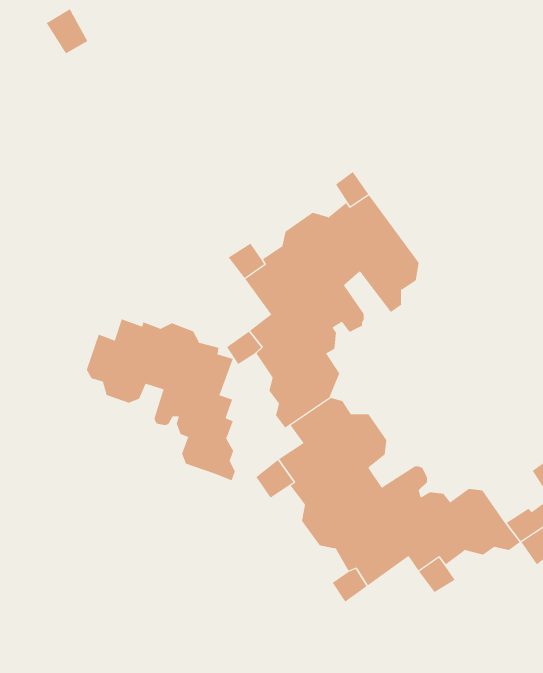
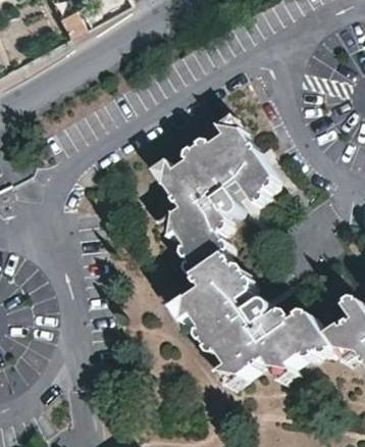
building: [86,318,236,481] -> none

